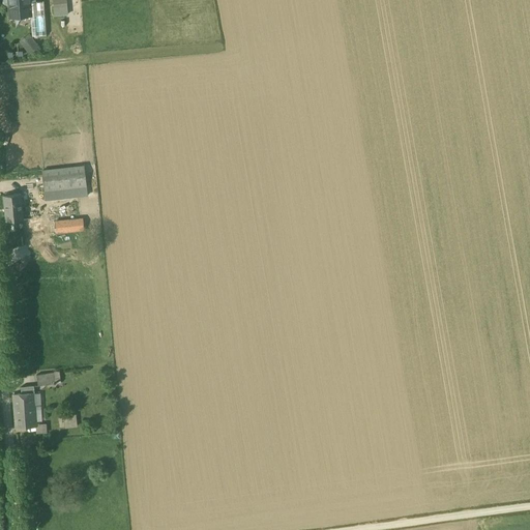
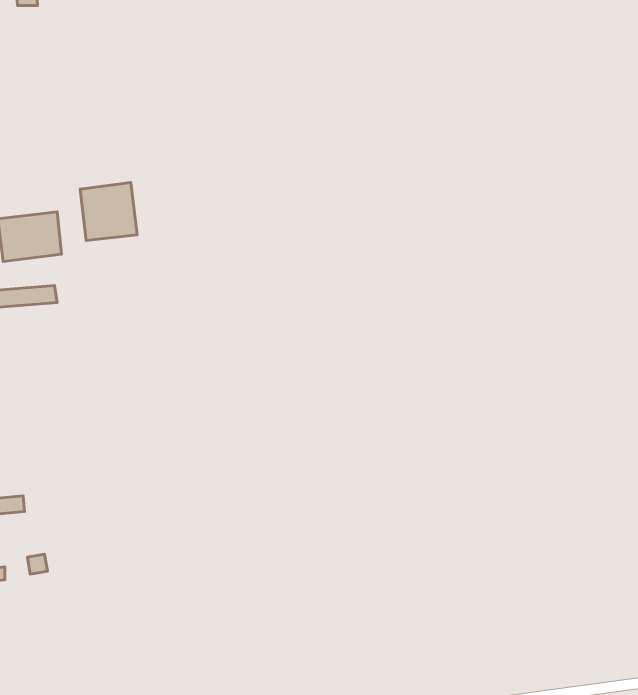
building: none -> [80,182,137,240]

